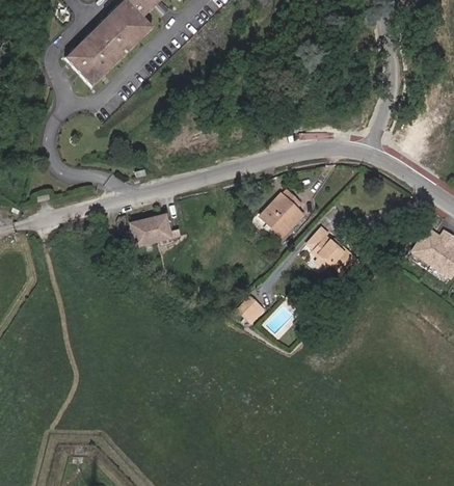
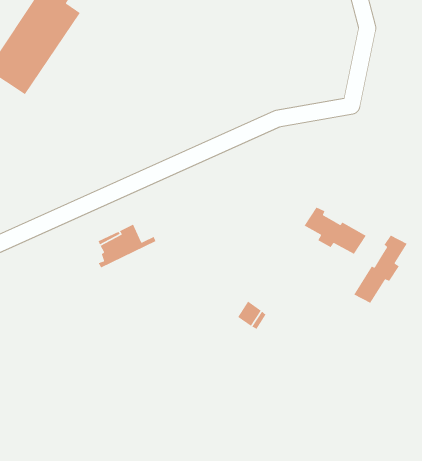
building: [260,189,302,231] -> none
building: none -> [353,234,408,304]

